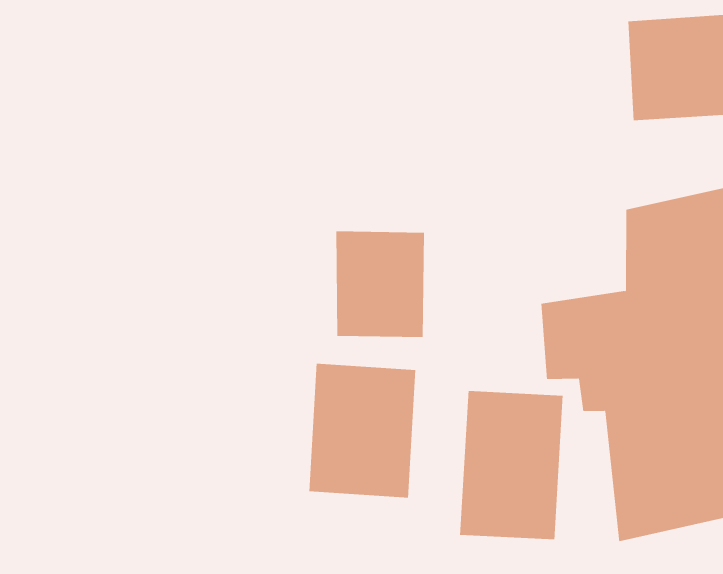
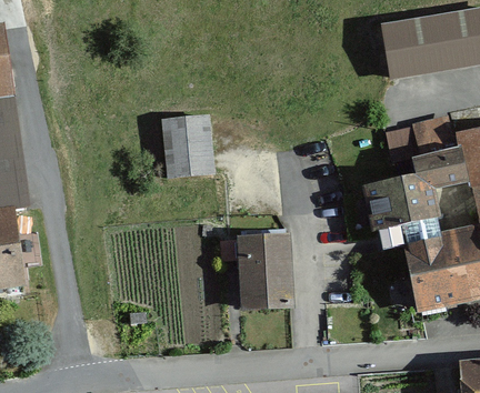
building: [336,231,425,337] -> [167,115,222,179]
building: [460,390,563,540] -> none

